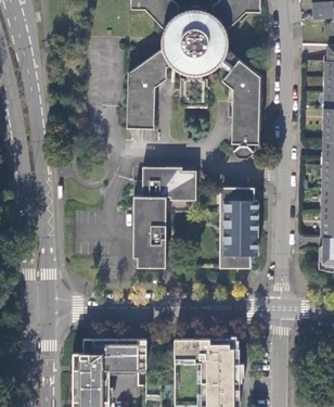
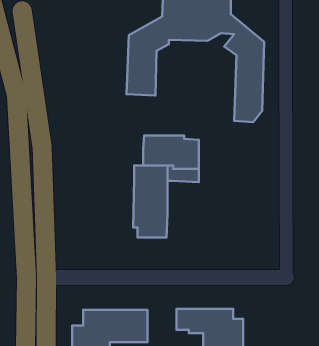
building: [220,188,258,268] -> none

